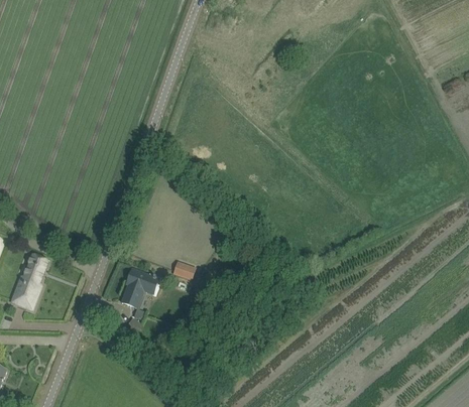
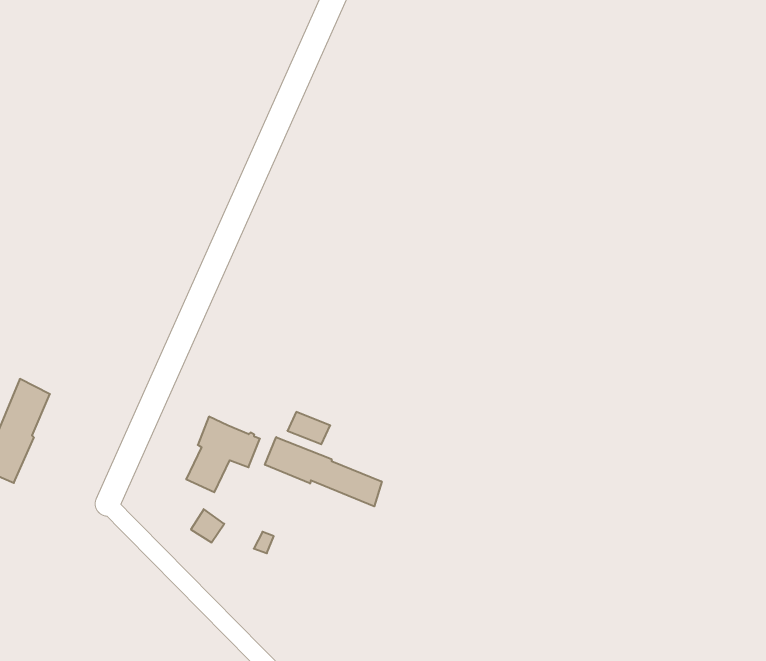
building: none -> [265,437,382,506]

